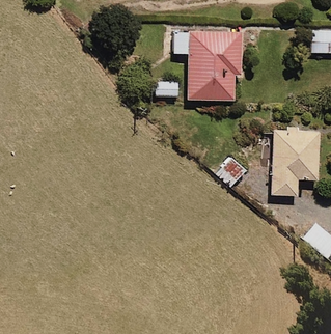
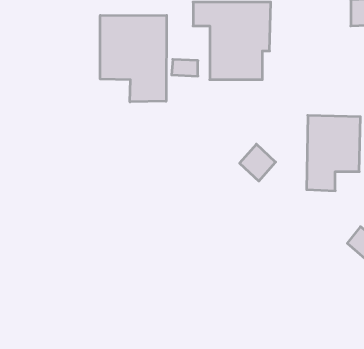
building: none -> [100,15,167,102]

